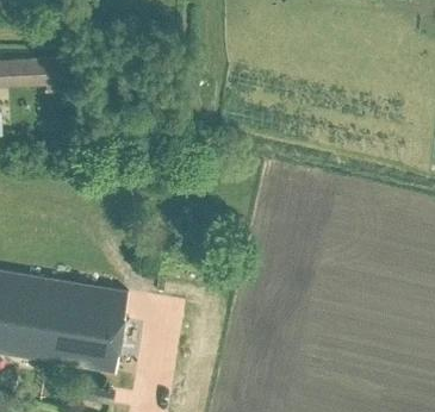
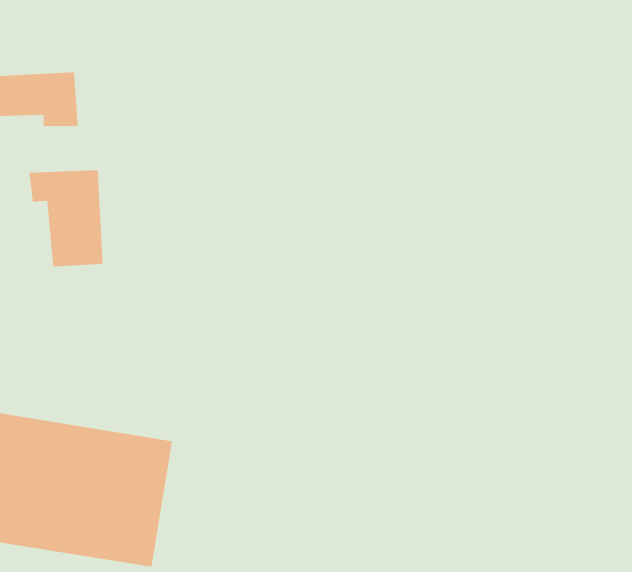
building: none -> [29,170,103,267]

